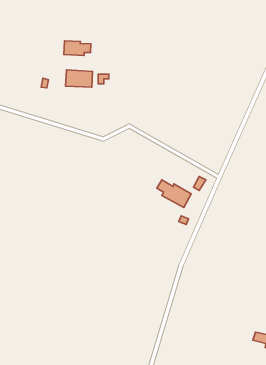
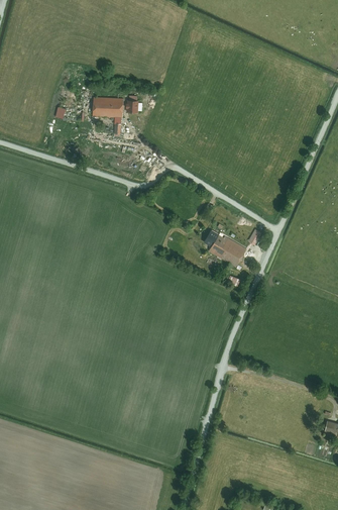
building: [64,41,91,56] -> none

